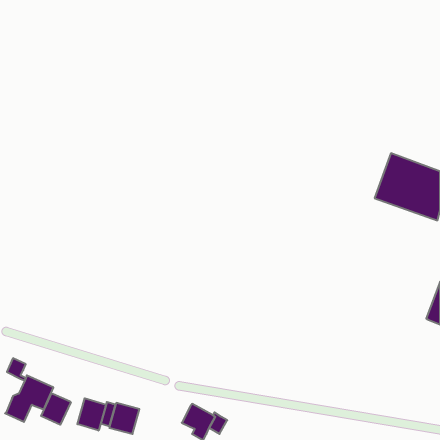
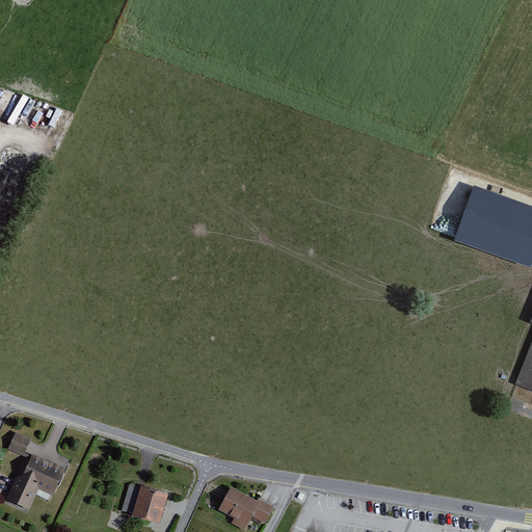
building: [41,394,71,425] -> none
building: [77,398,106,431] -> none

